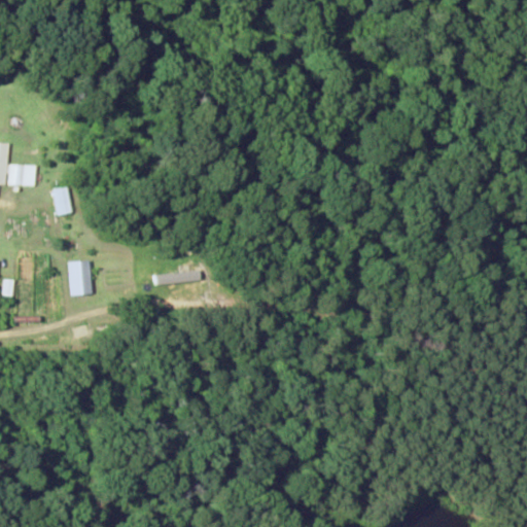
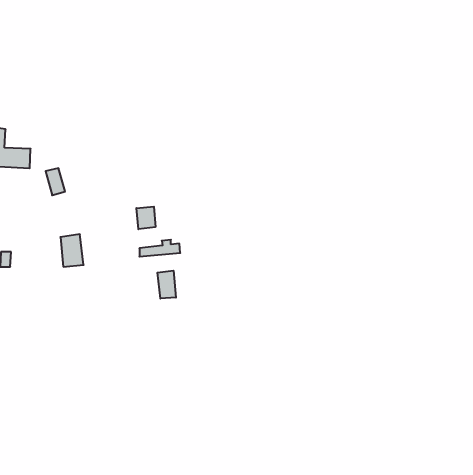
building: none -> [136,207,155,229]
building: none -> [157,271,176,299]

